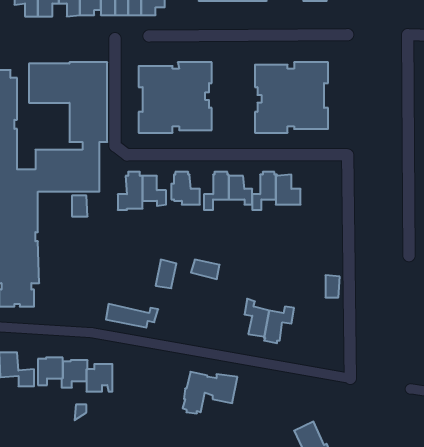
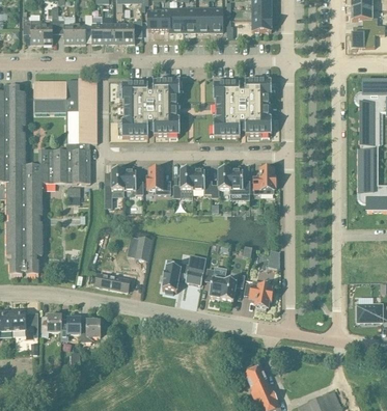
building: none -> [254,166,275,193]
building: none -> [251,280,273,309]
building: [183,372,237,413] -> [162,259,205,293]

